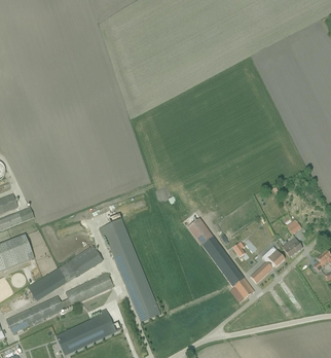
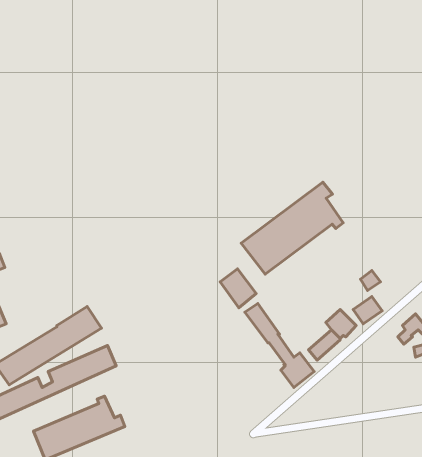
building: none -> [241,182,343,274]
building: [99,214,161,322] -> none

